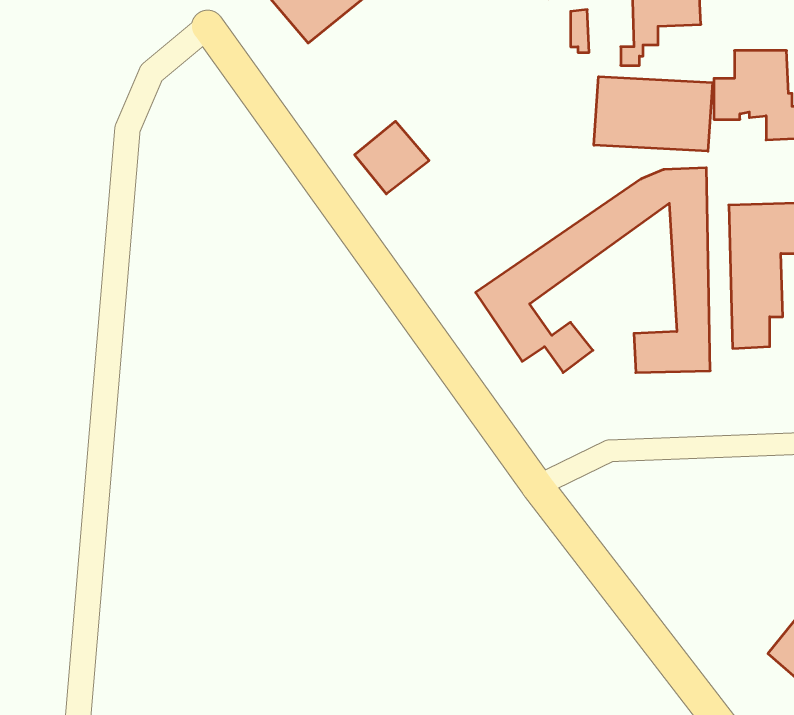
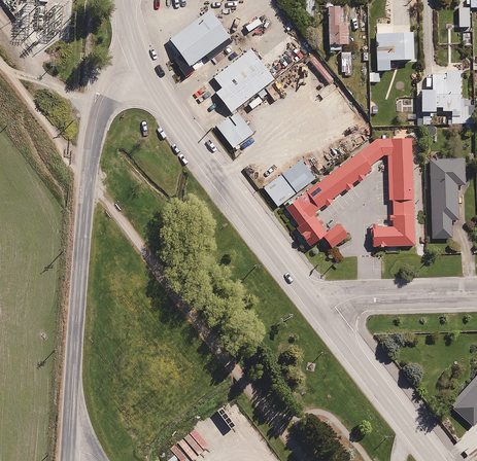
building: none -> [211,51,275,112]
building: [594,77,713,151] -> none
building: none -> [267,163,317,207]

